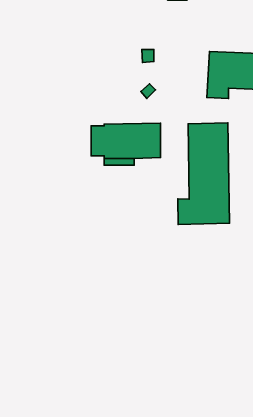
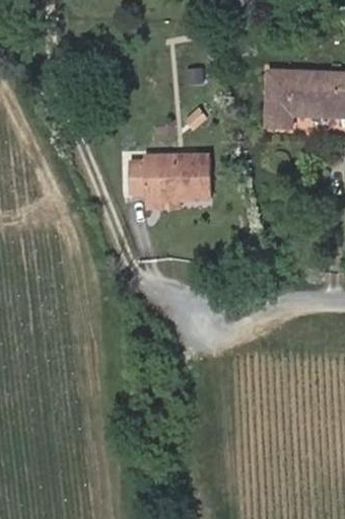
building: [178,123,230,225] -> none

